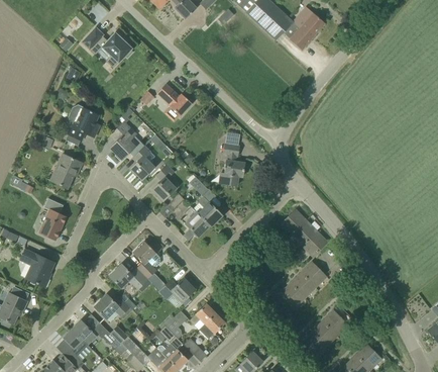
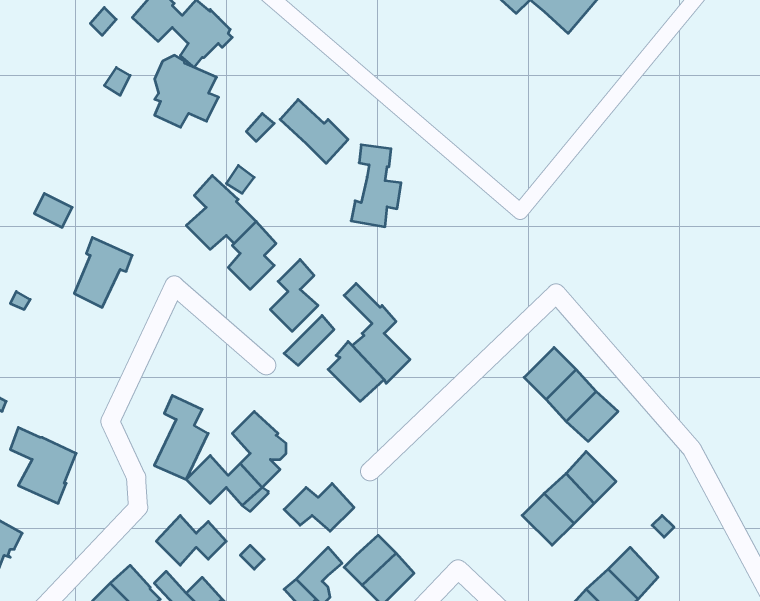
building: [68,103,100,140] -> [155,55,219,127]
building: [219,144,244,185] -> [351,145,401,227]
building: [38,197,66,240] -> [154,395,208,479]

